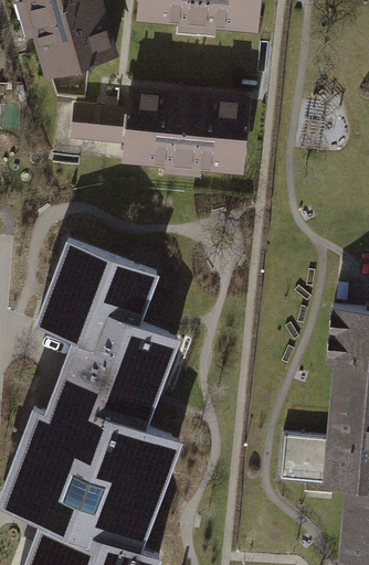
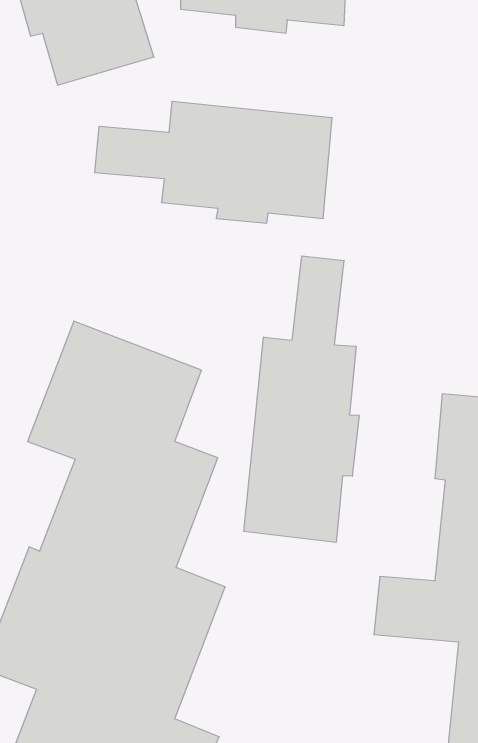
building: none -> [244,256,359,542]

